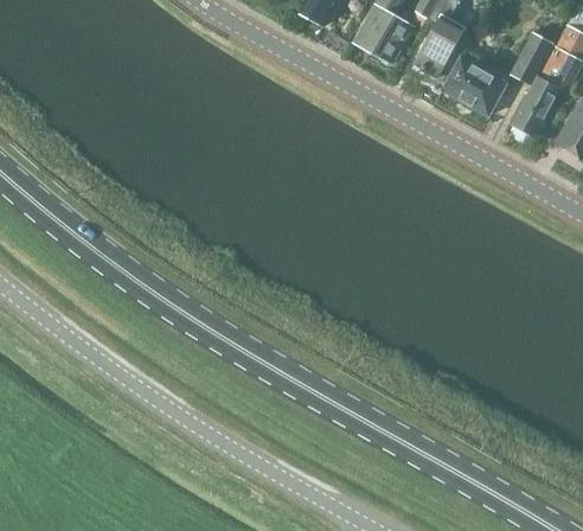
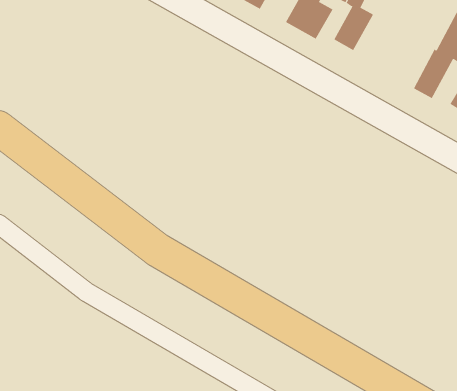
building: [510,31,553,85] -> none
building: [441,56,506,114] -> none

